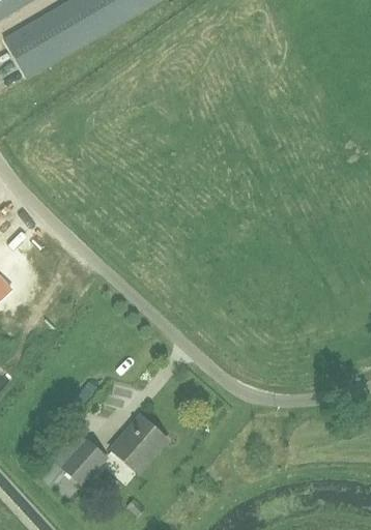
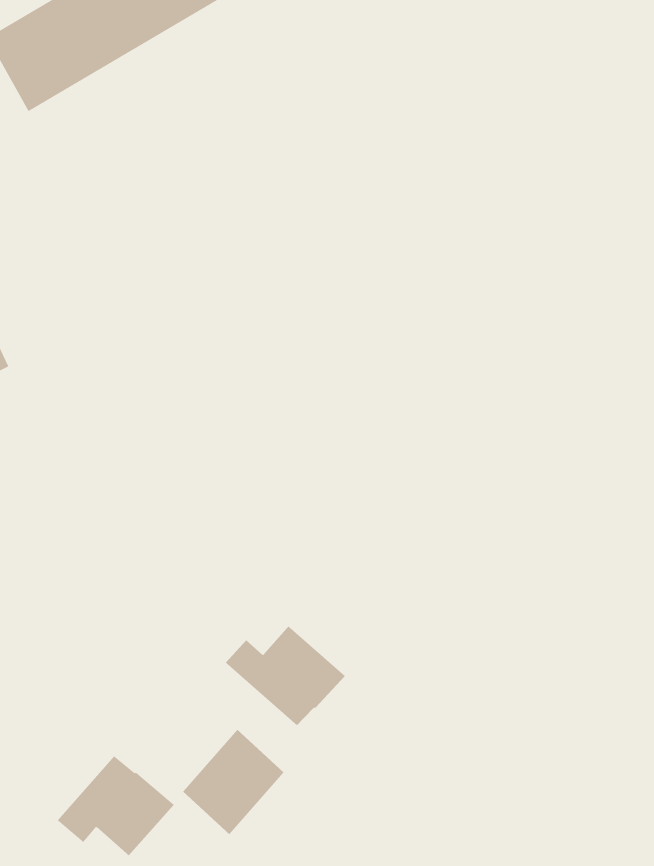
building: none -> [225,625,346,726]

